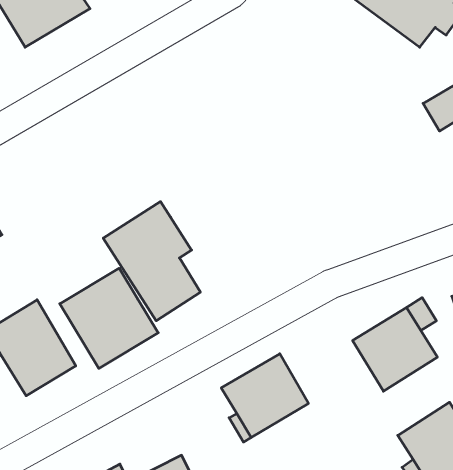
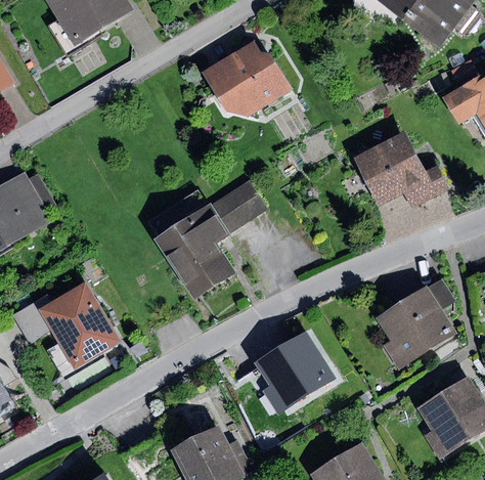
building: none -> [201,40,292,117]
building: none -> [352,130,450,209]
building: none -> [208,178,268,234]
building: [60,268,158,368] -> none

